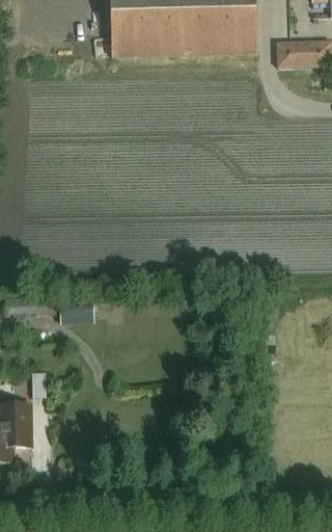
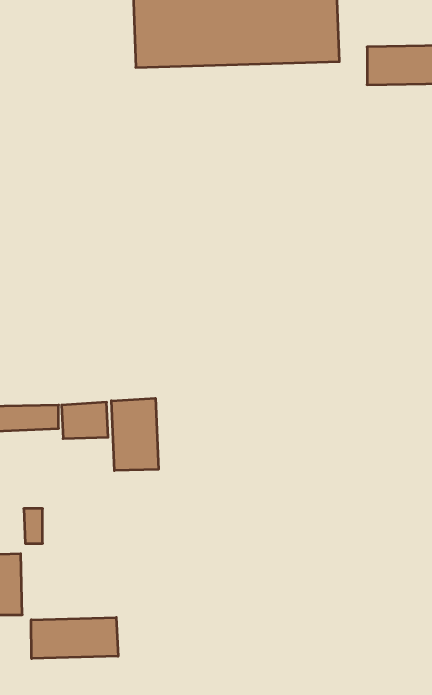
building: none -> [111,398,158,471]
building: none -> [31,617,118,659]

